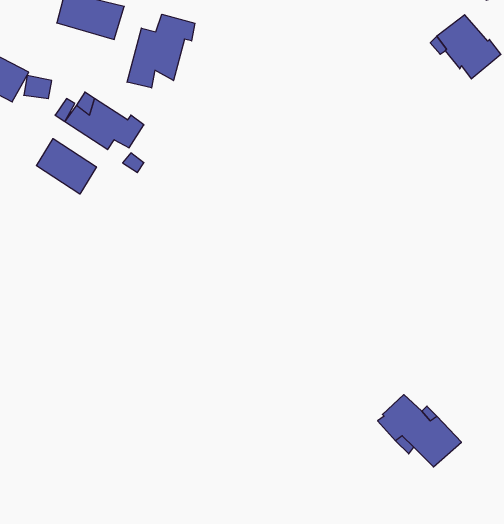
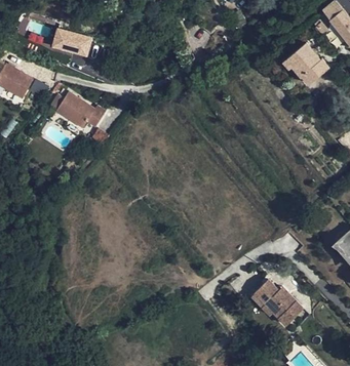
building: [127,14,195,88] -> none
building: [36,139,96,194] -> none

